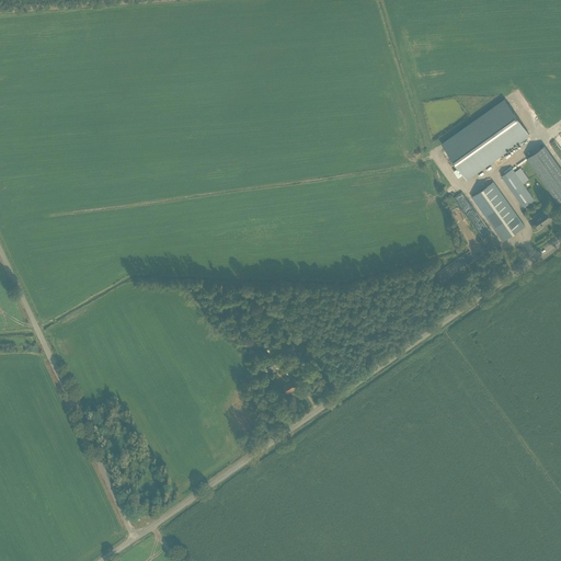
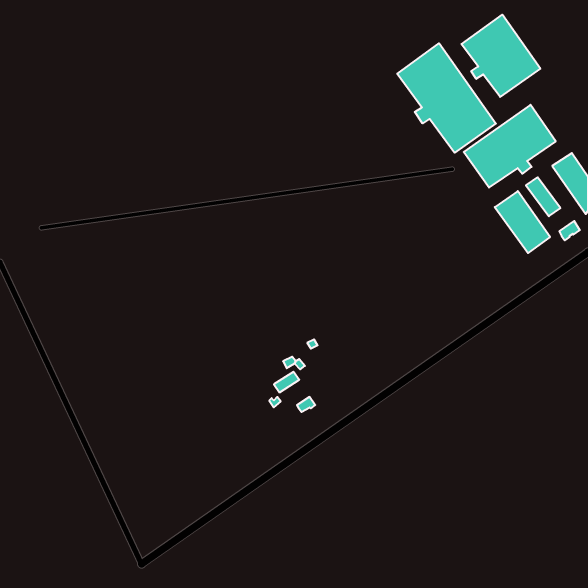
building: none -> [461,15,540,97]
building: none -> [397,43,496,153]

